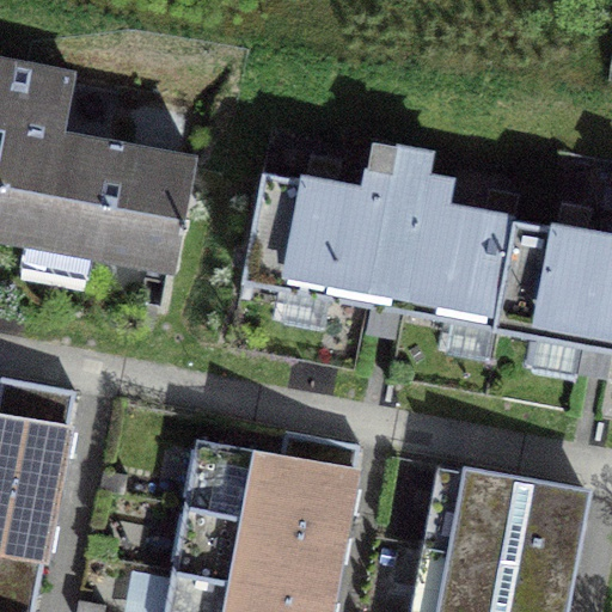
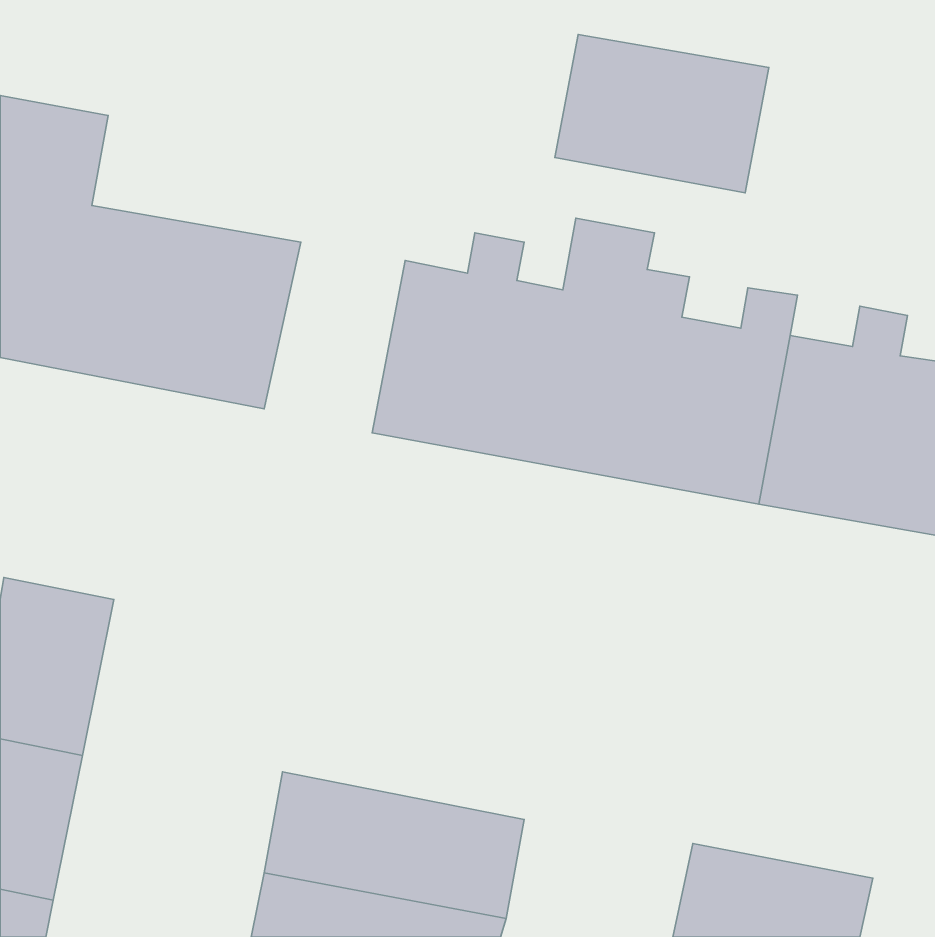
building: none -> [555,34,769,193]
building: [185,432,360,534] -> none
building: [453,471,585,573] -> none

